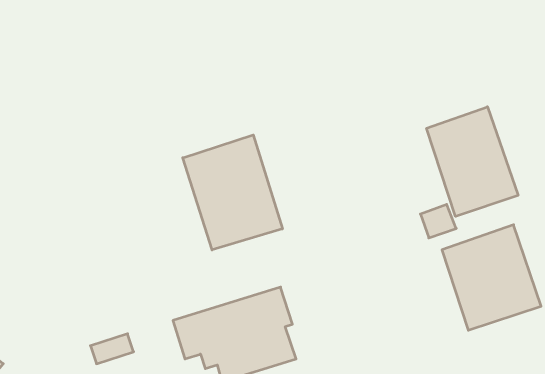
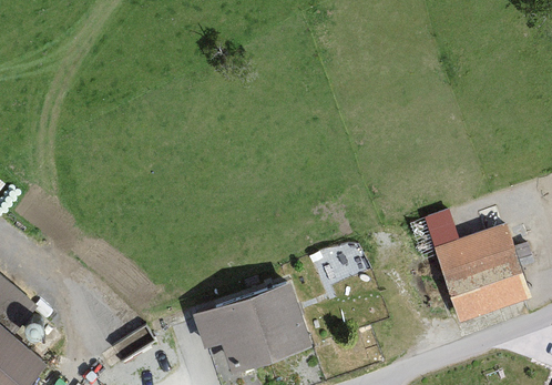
building: [427,107,518,216] -> none
building: [183,135,282,250] -> none

